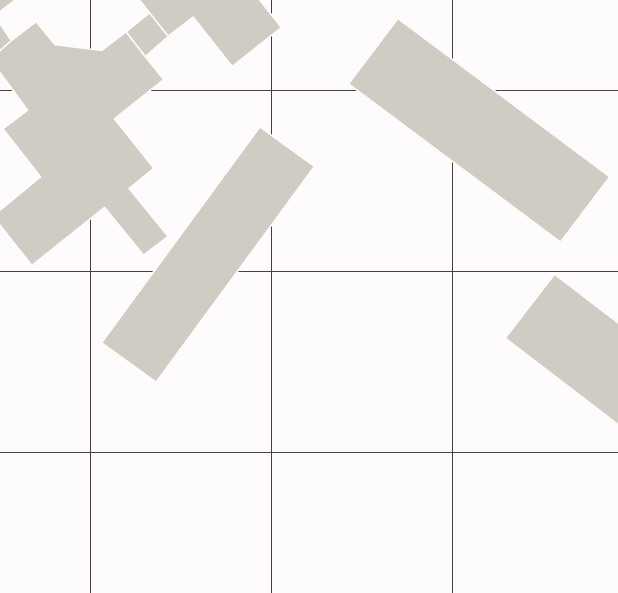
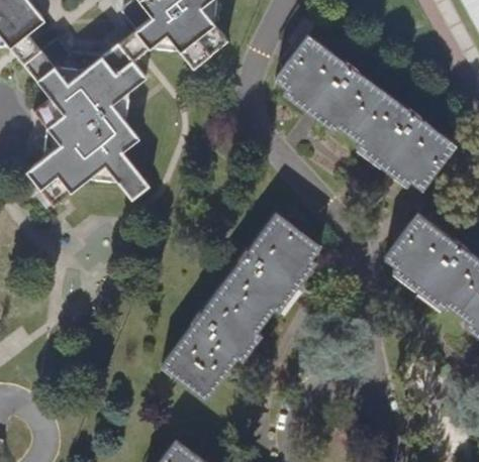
building: [101,127,314,382] -> none
building: none -> [162,213,320,400]

